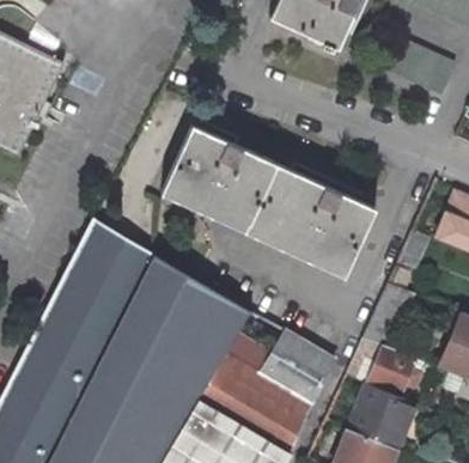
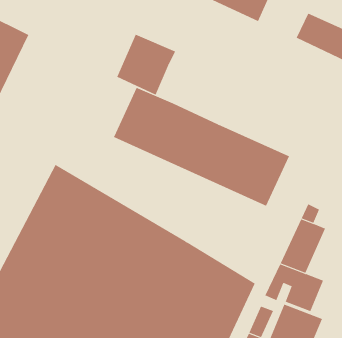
building: none -> [116,34,176,95]

